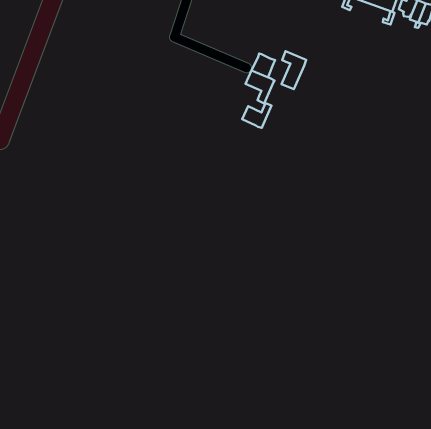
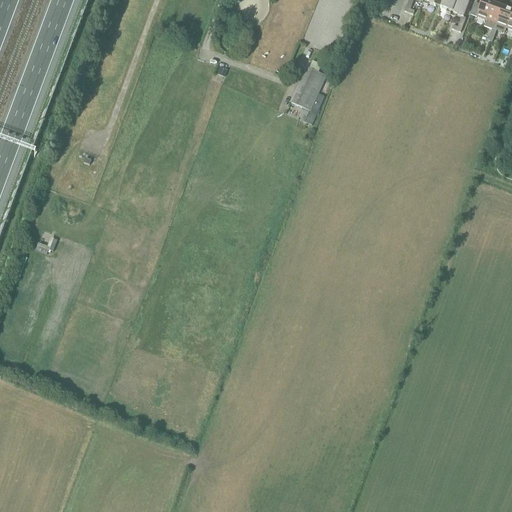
building: [282,51,306,89] -> none
building: [242,103,272,128] -> none

